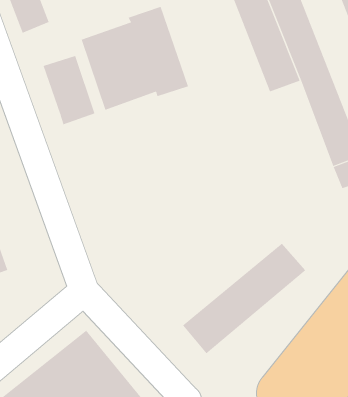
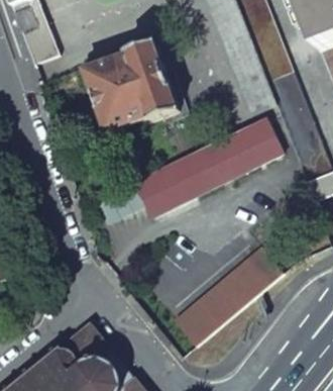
building: [43,55,95,125] -> none
building: none -> [92,119,280,224]

